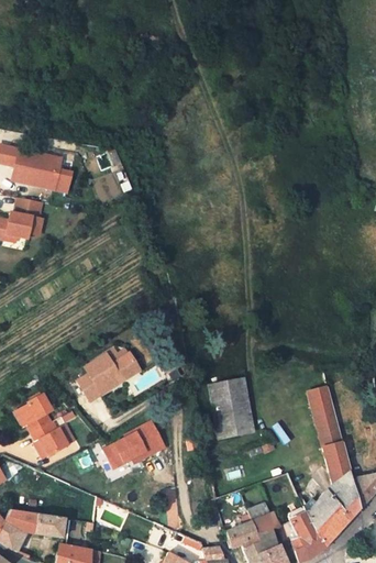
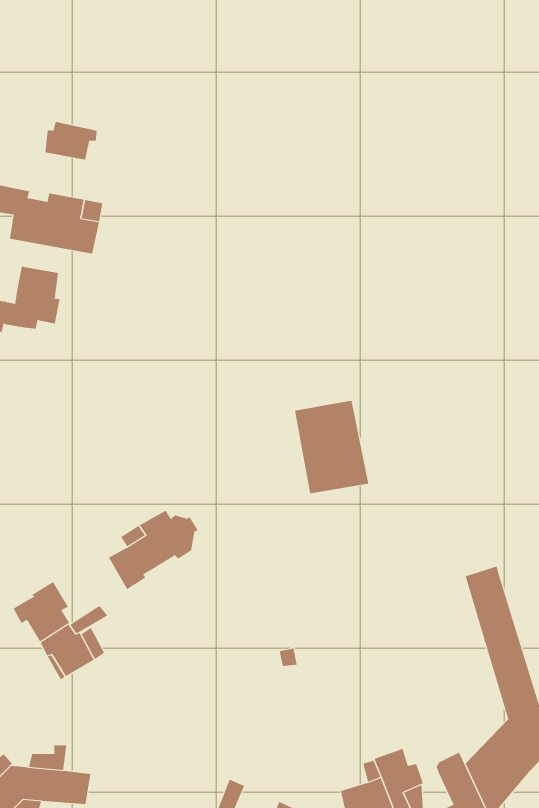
building: none -> [45,121,97,160]
building: [208,379,256,440] -> [294,400,369,494]
building: [110,426,172,473] -> none

